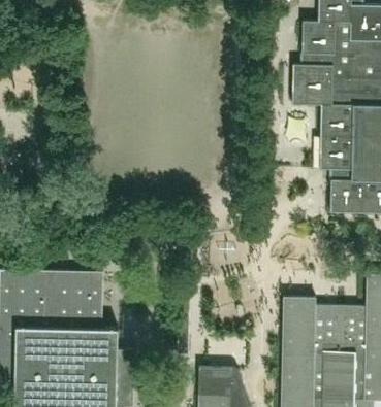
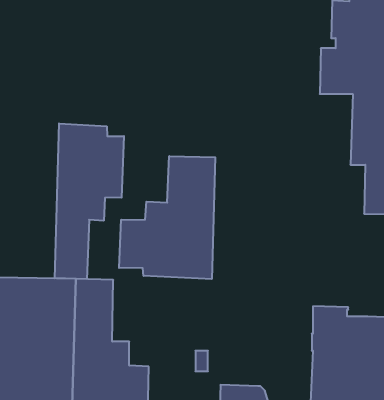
building: none -> [55,123,124,279]
building: none -> [119,156,215,279]

